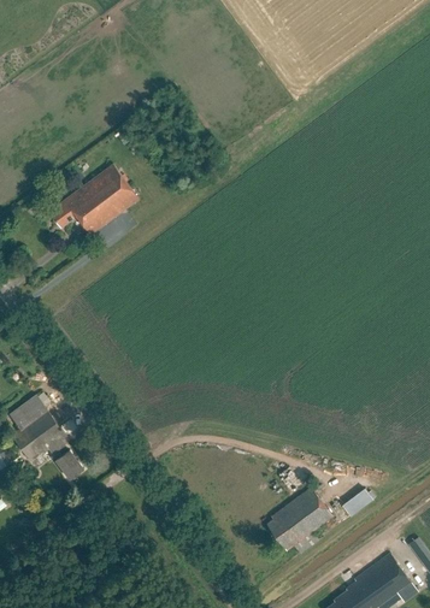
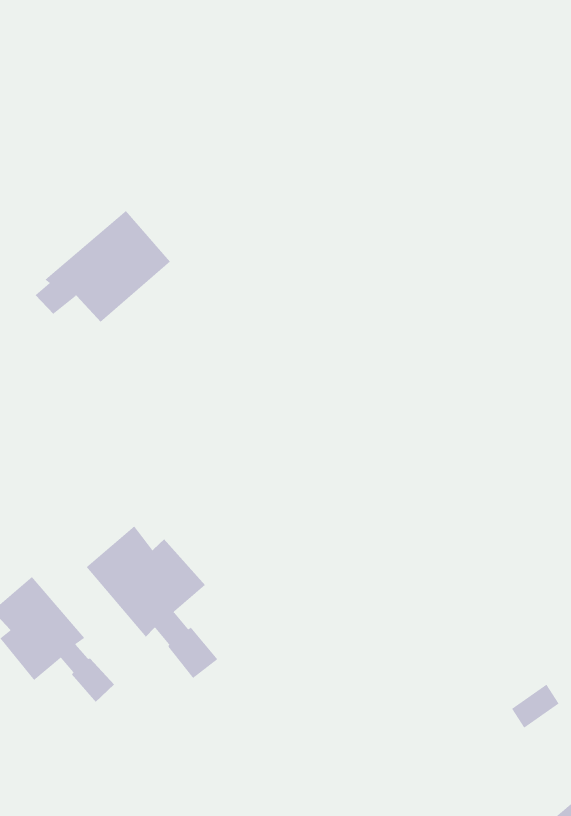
building: none -> [86,526,218,679]
building: [266,486,332,554] -> none

